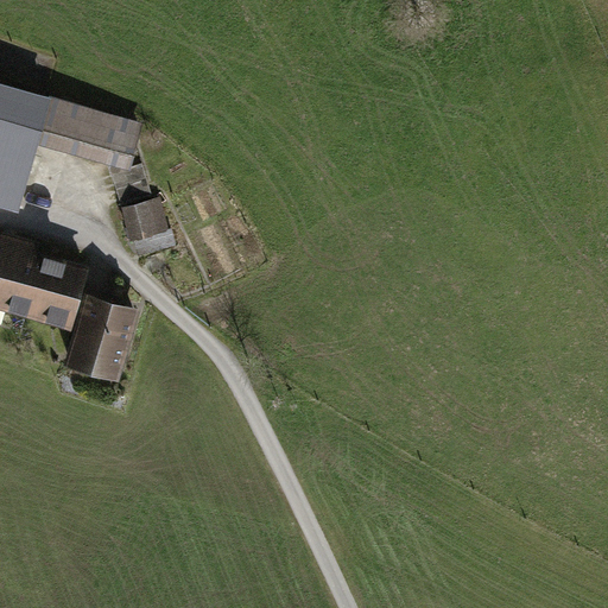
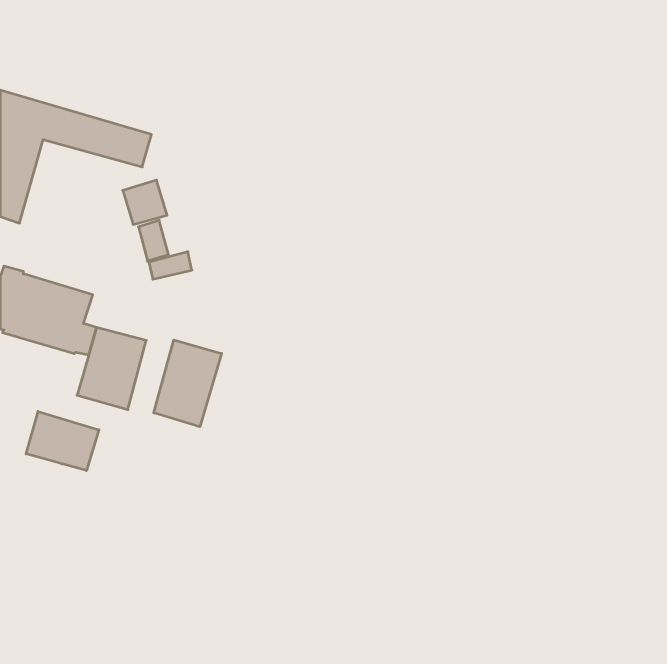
building: none -> [154,340,222,427]
building: none -> [26,411,99,471]

